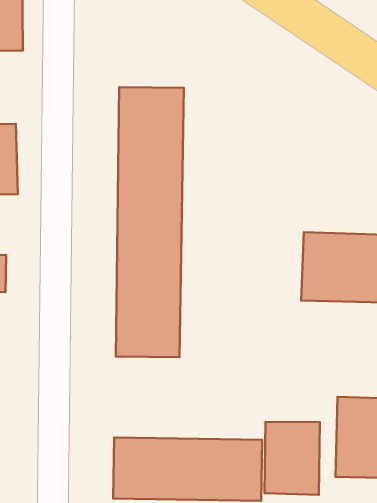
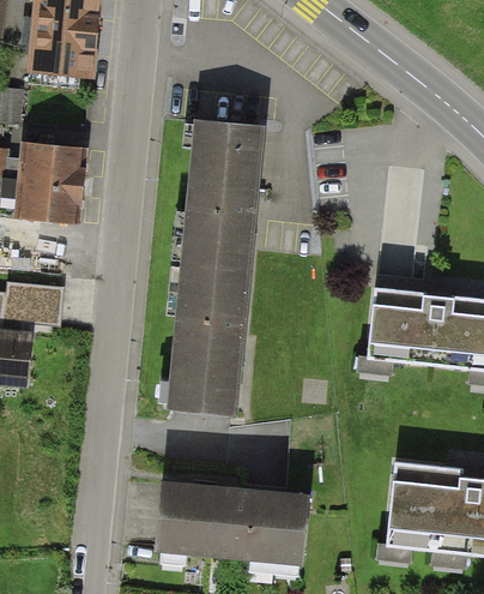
building: [264,422,320,495] -> none

